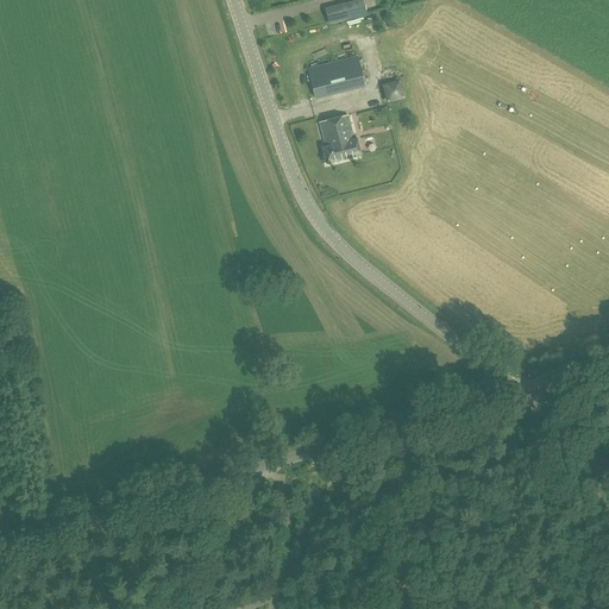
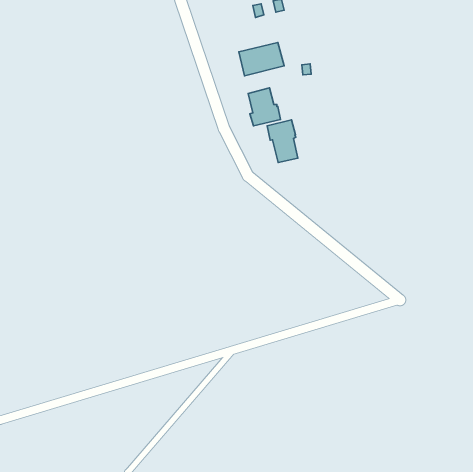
building: none -> [267,120,298,163]

